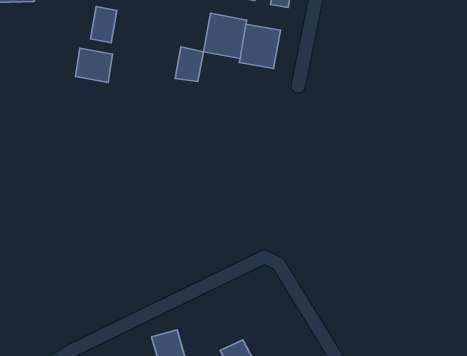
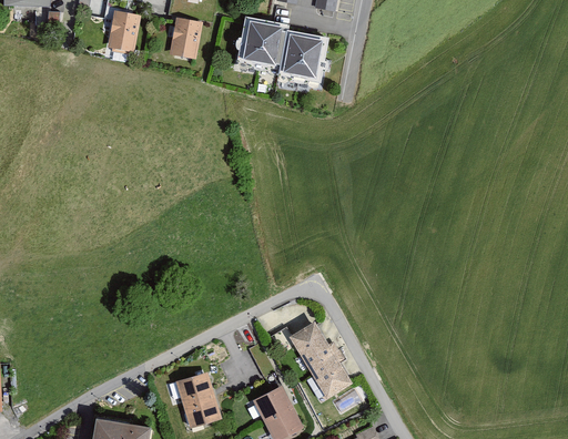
building: [175,47,204,81] -> [171,19,203,58]
building: [75,48,113,83] -> none
building: none -> [293,323,354,398]

